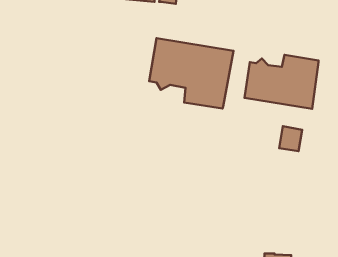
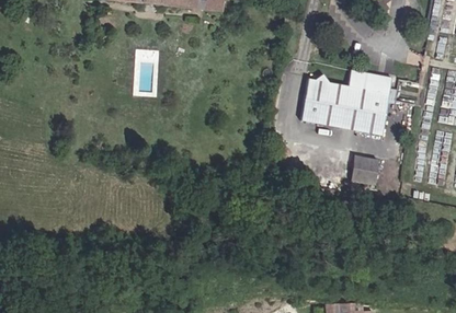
building: [149,38,234,109] -> none

